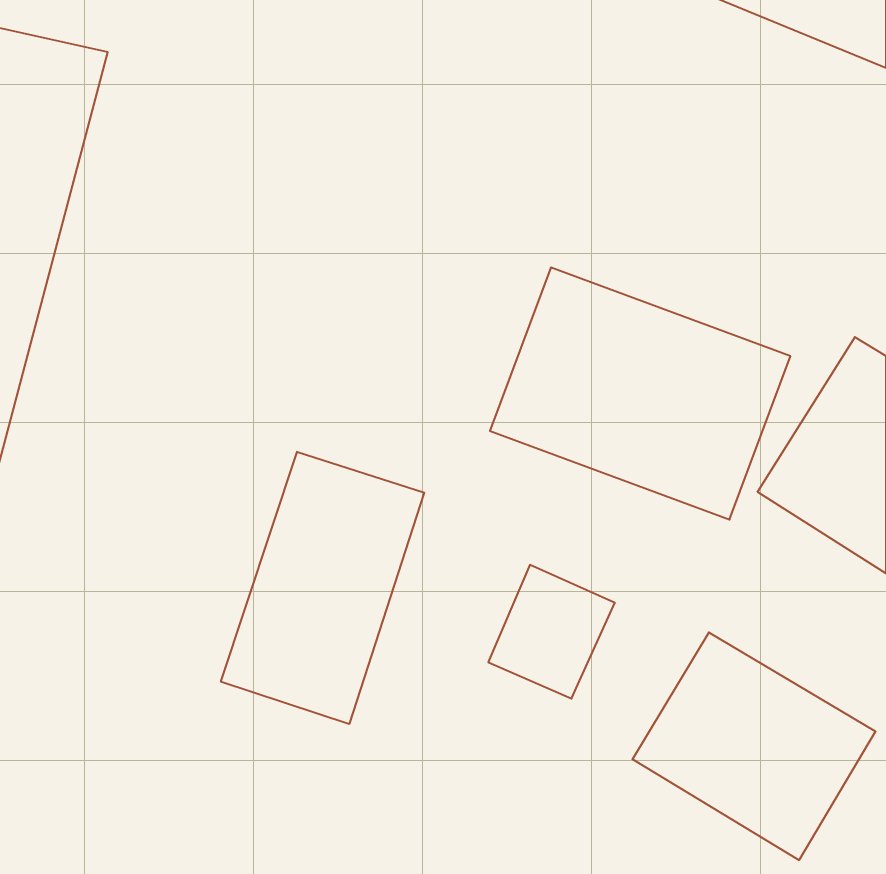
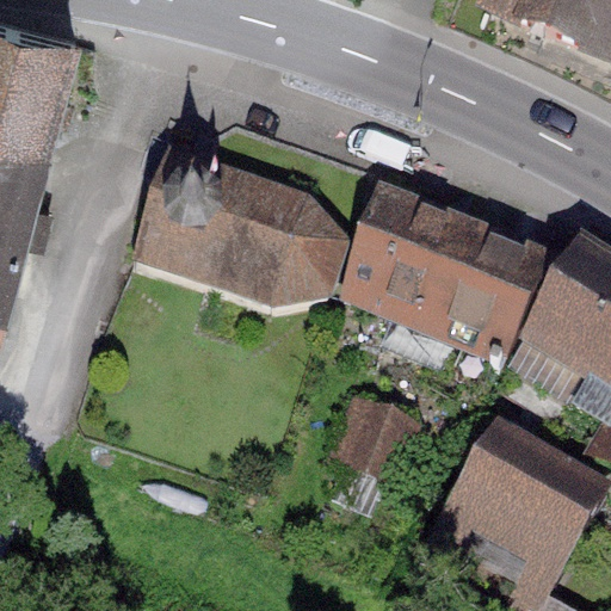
building: none -> [136,156,347,307]
building: [221,452,424,724] -> none

